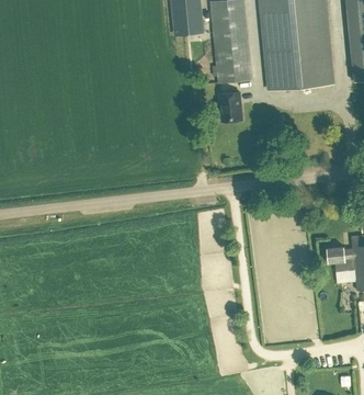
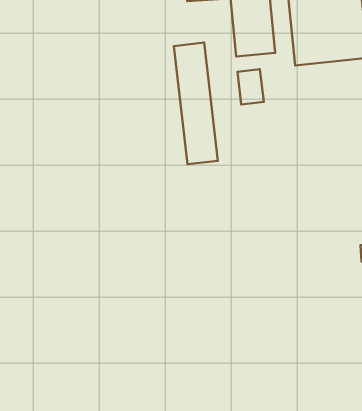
building: none -> [174,43,218,164]

